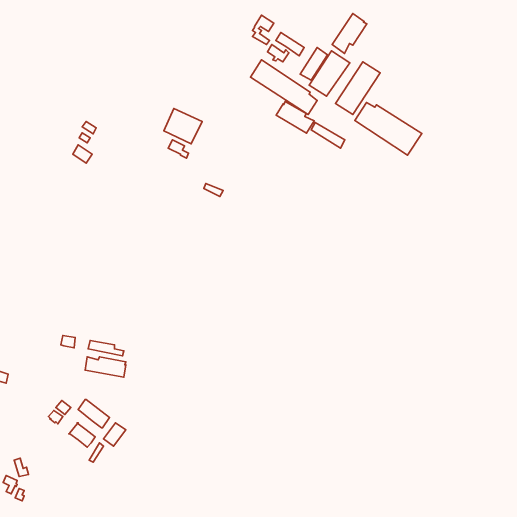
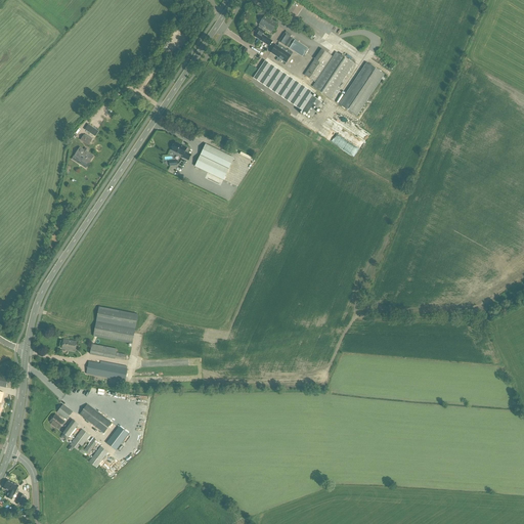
building: [332,14,367,53] -> none
building: [276,101,314,133] -> none
building: [355,103,422,155] -> none
building: [164,108,202,144] -> [194,143,233,179]
building: none -> [93,307,137,343]

